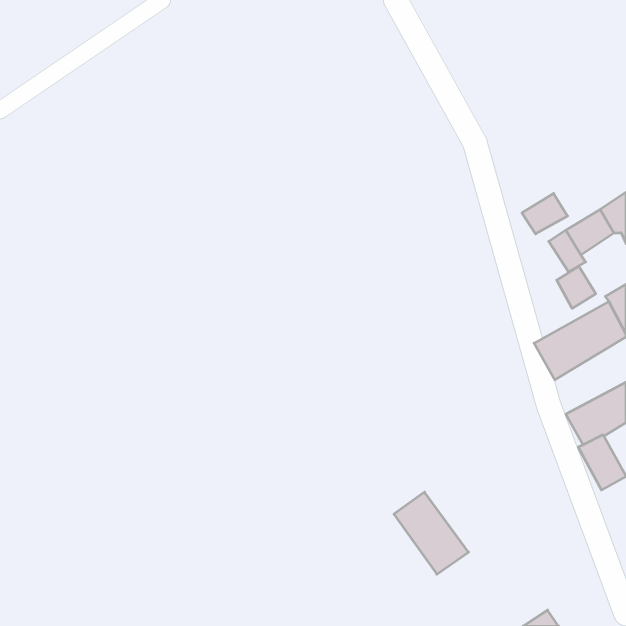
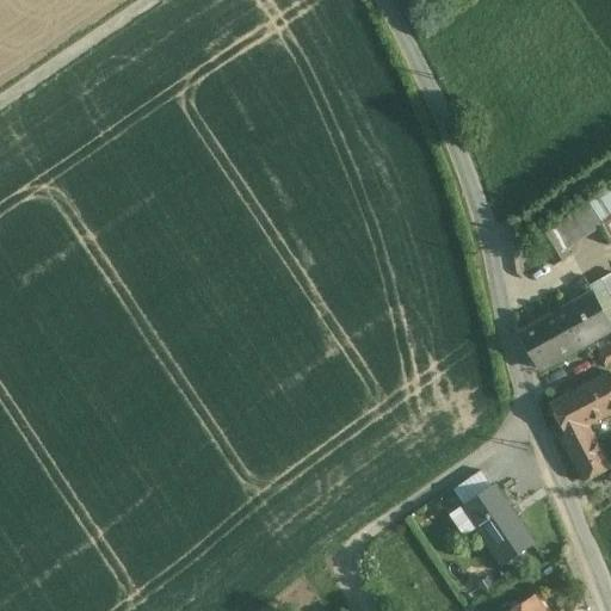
building: [522,193,568,234] -> none
building: [557,266,596,308] -> none
building: [394,492,469,574] -> [463,482,536,562]

